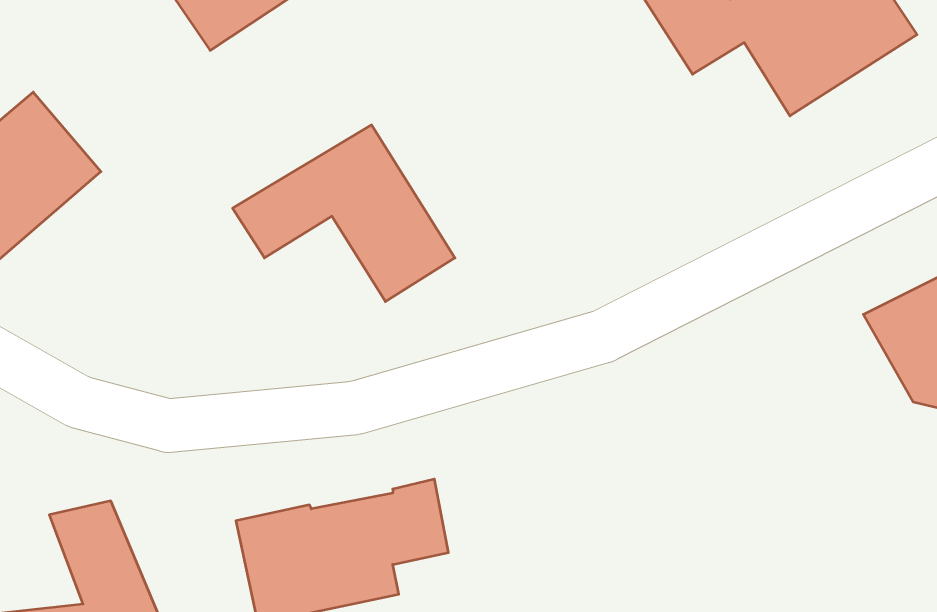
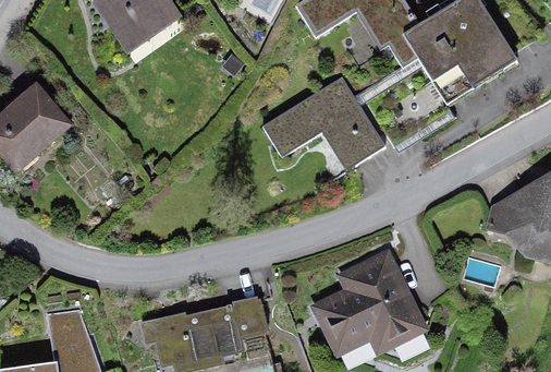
building: [233,125,455,302] -> [264,80,385,177]
building: none -> [311,248,426,350]

